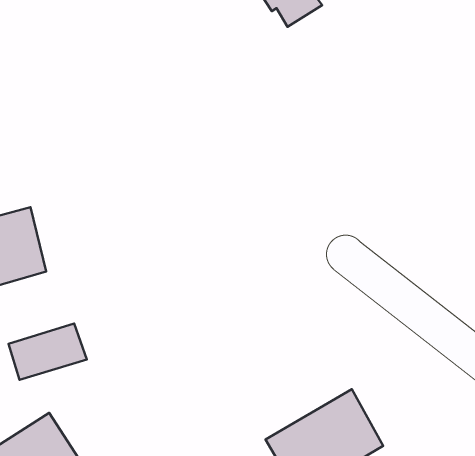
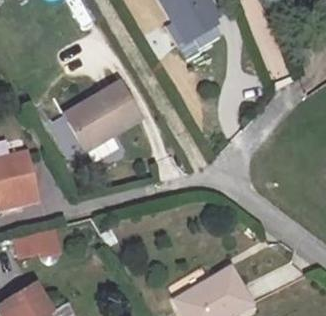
building: none -> [64,83,141,154]

